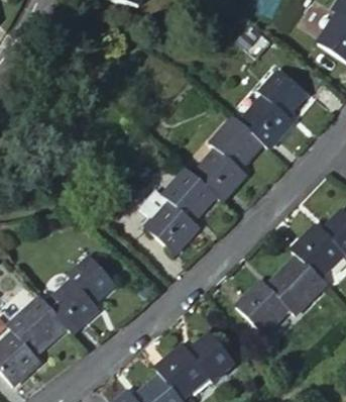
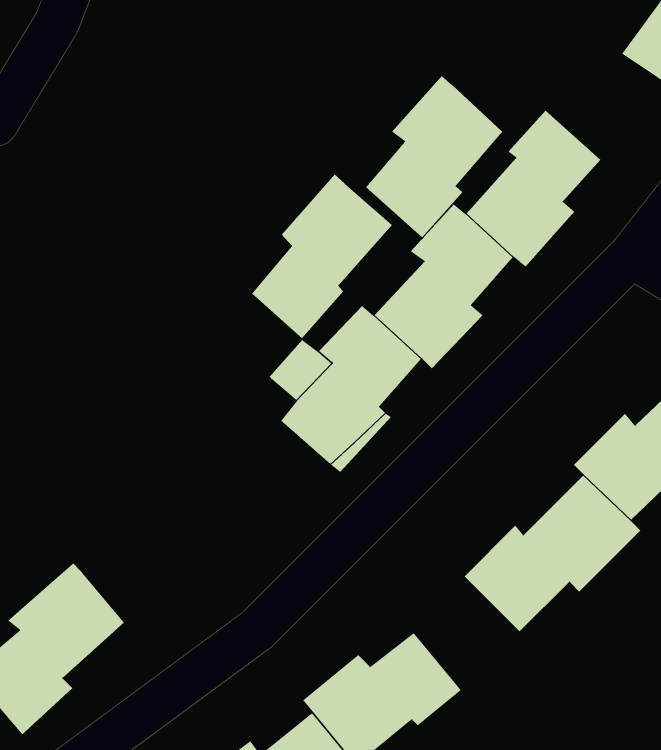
building: none -> [365,75,503,238]
building: none -> [251,174,393,339]
building: [44,255,117,334] -> none

